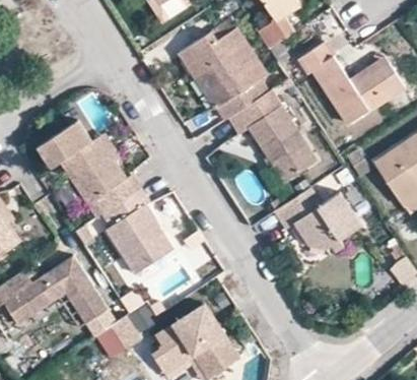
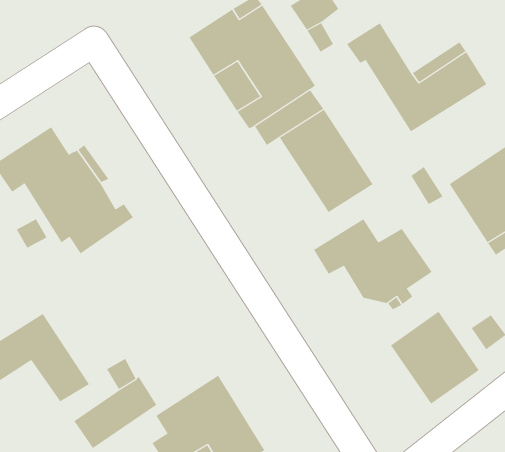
building: [101,186,173,274] -> none
building: none -> [390,311,480,405]

